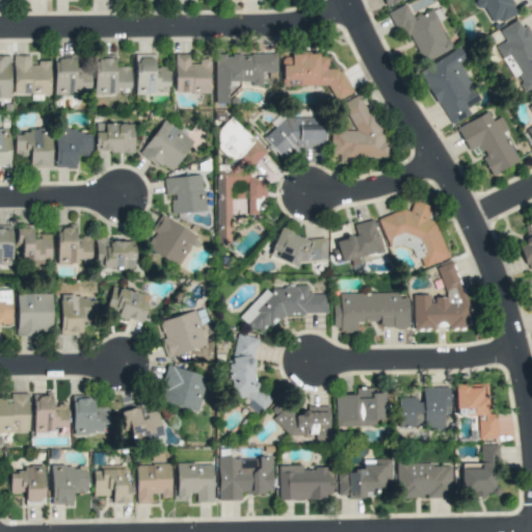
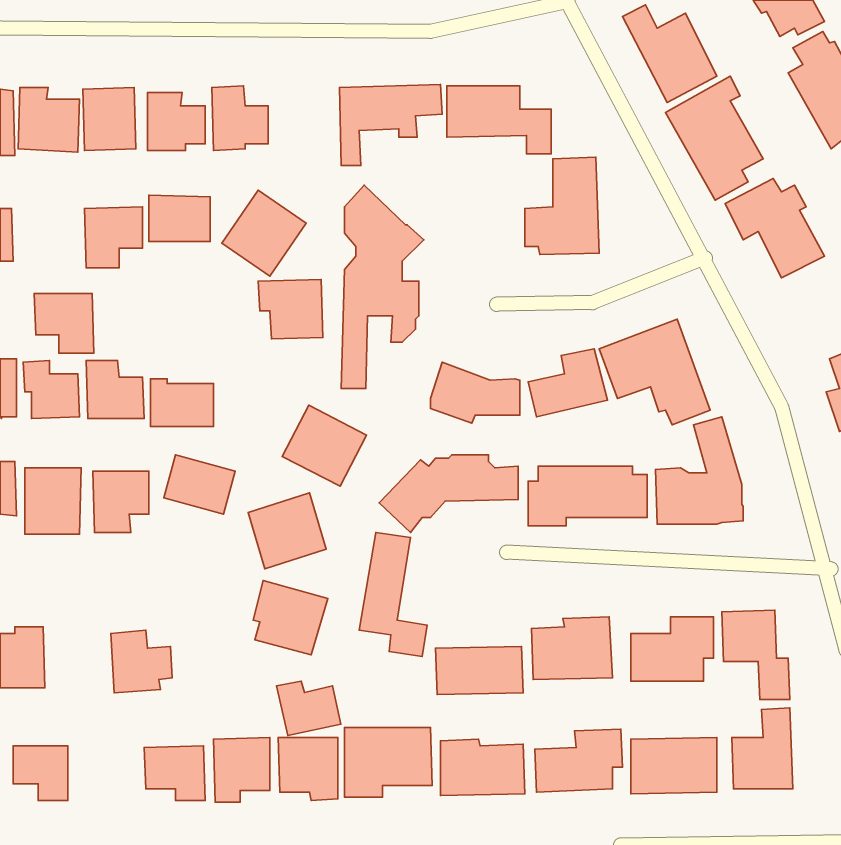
building: [177,54,212,94] -> none
building: [273,117,326,149] -> none
building: [16,130,53,167] -> [34,294,94,353]
building: [145,215,198,266] -> [282,405,367,486]
building: [34,393,69,432] -> none
building: [124,407,164,442] -> [276,681,341,736]
building: [52,466,88,505] -> none

